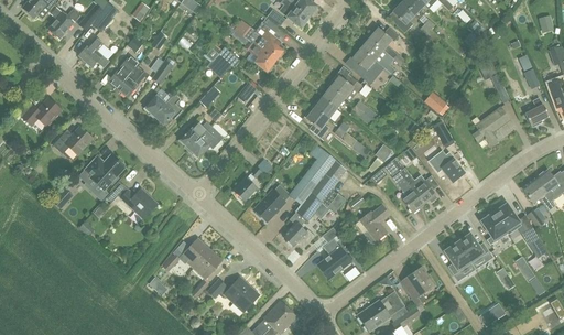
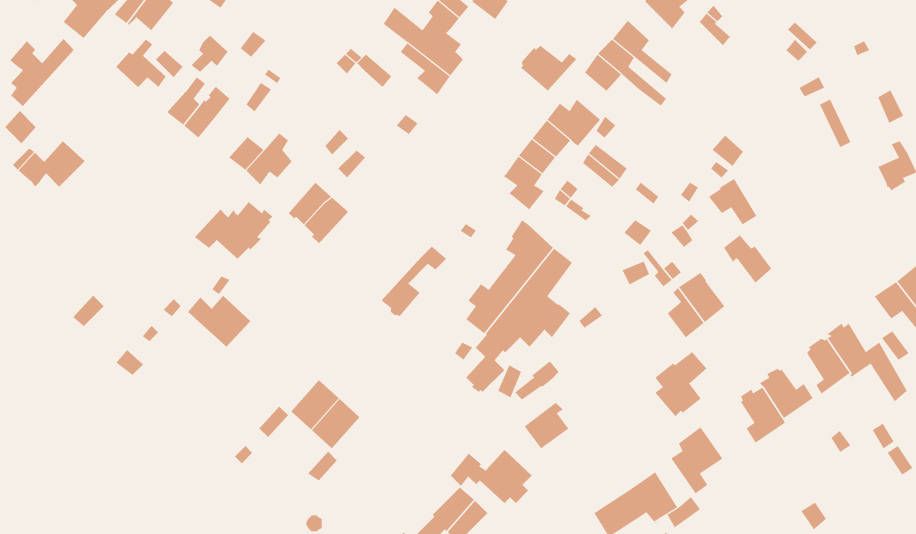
building: none -> [10,38,75,107]
building: none -> [520,45,577,92]
building: [473,106,510,144] -> none
building: [53,127,91,154] -> none
building: [78,155,124,190] -> [194,201,273,260]
building: [252,190,283,220] -> none
building: [359,205,390,244] -> [654,351,707,417]
building: [207,277,256,309] -> [450,449,533,504]

